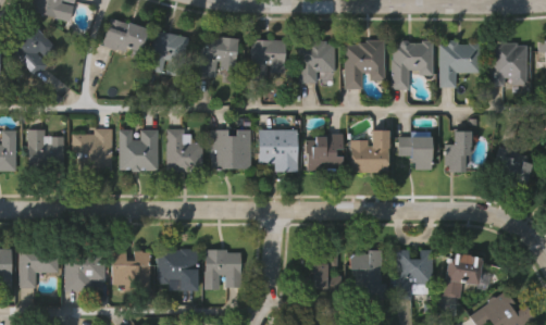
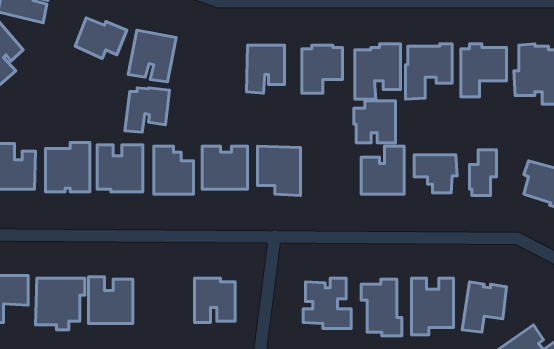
building: [200,36,239,75] -> [125,88,169,132]
building: [306,134,343,171] -> [354,101,396,143]
building: [156,246,198,288] -> none

